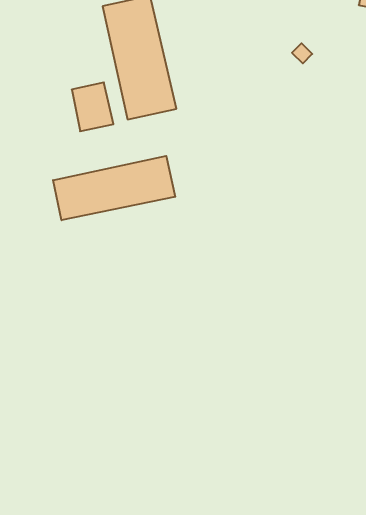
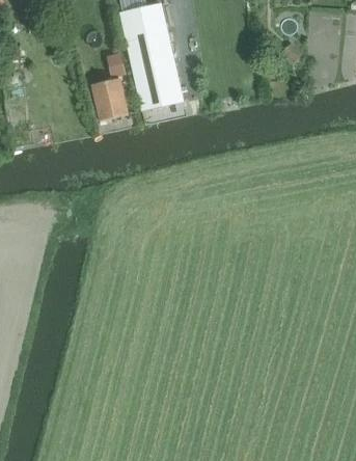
building: [53,156,175,220] -> none

